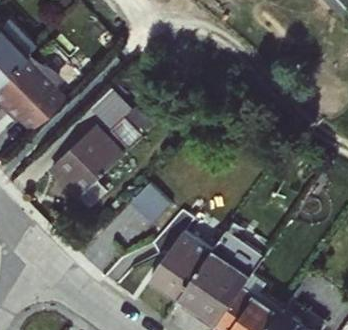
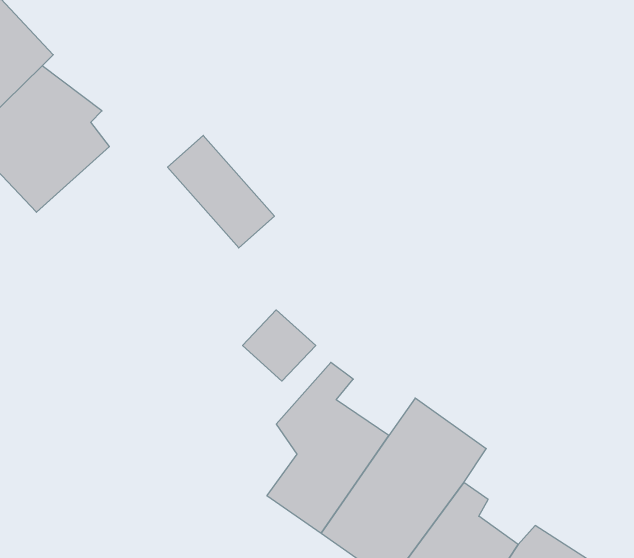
building: [45,126,124,203] -> none

